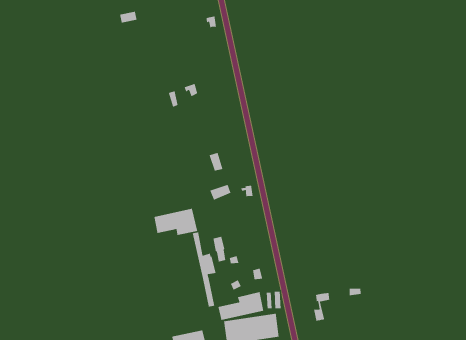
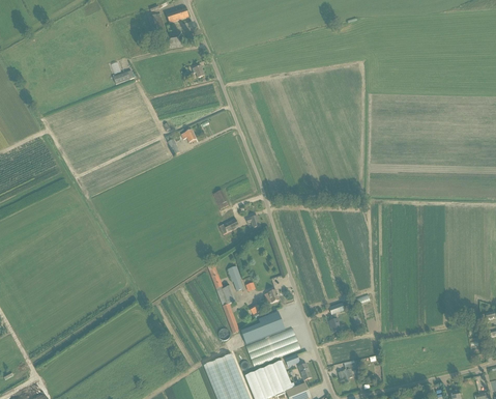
building: [153,208,198,236] -> none

